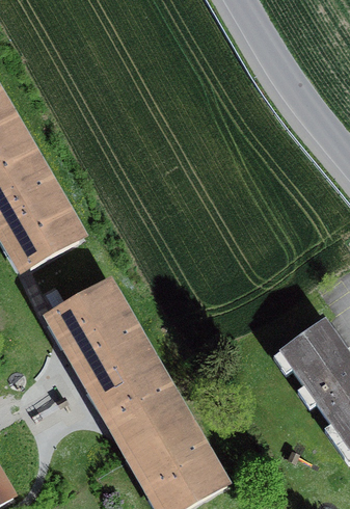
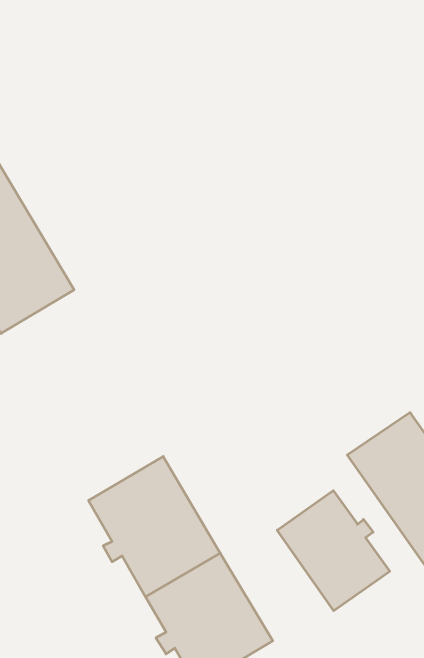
building: [55,282,150,382] -> none
building: none -> [277,491,390,611]

